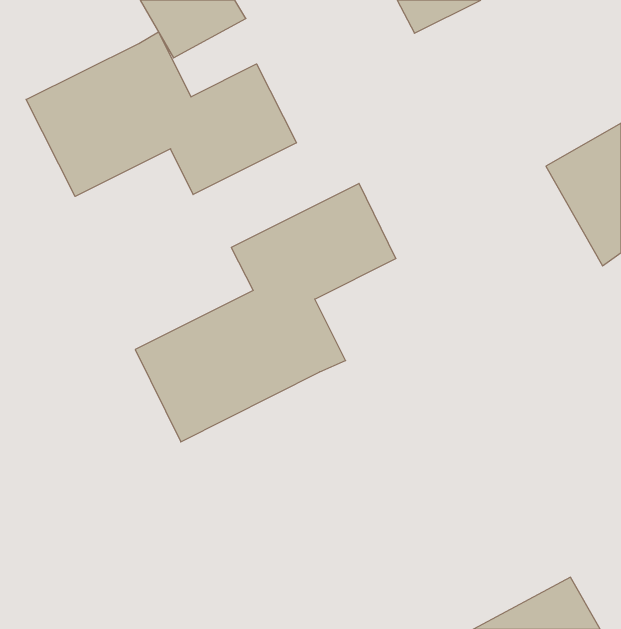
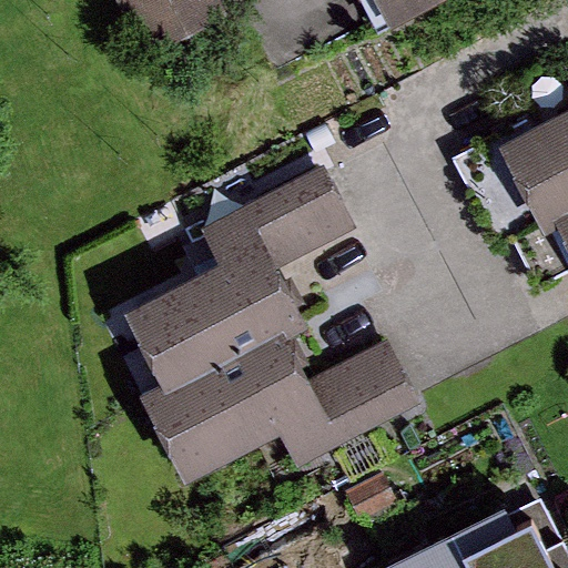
building: [26,32,296,196] -> none
building: none -> [146,328,423,480]

